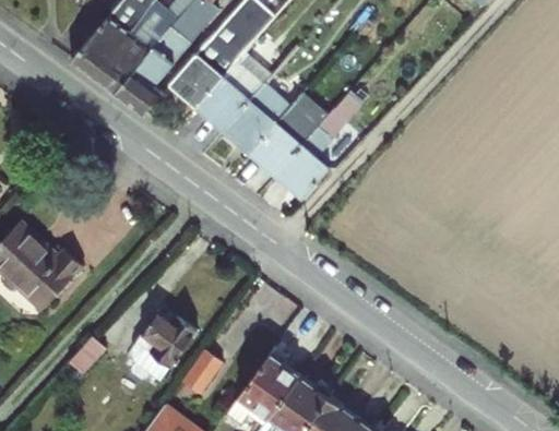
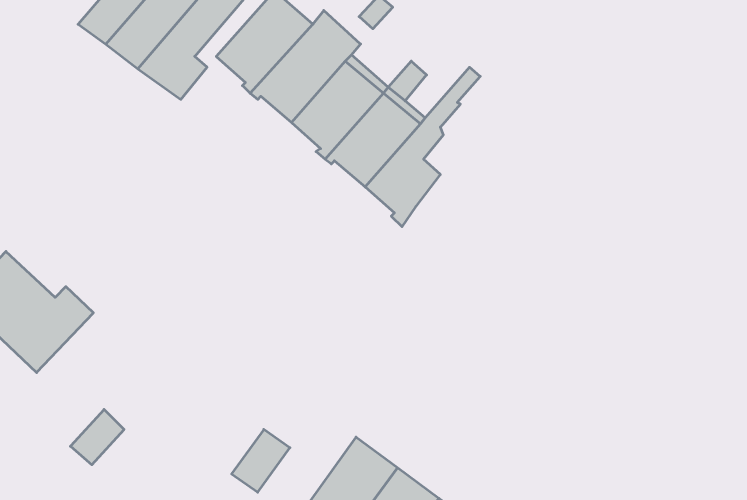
building: [128,307,195,376] -> none

